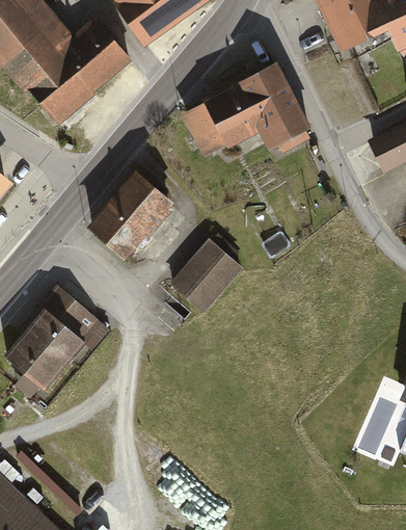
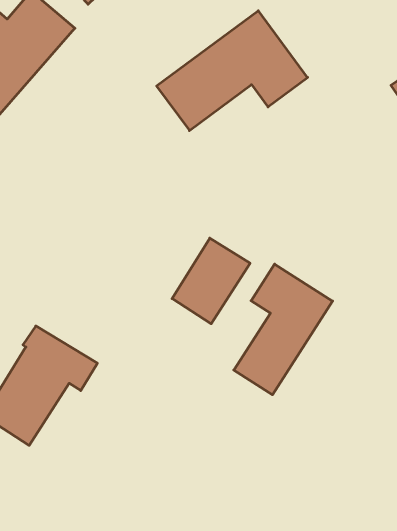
building: [92,177,169,256] -> none
building: none -> [234,264,333,395]

